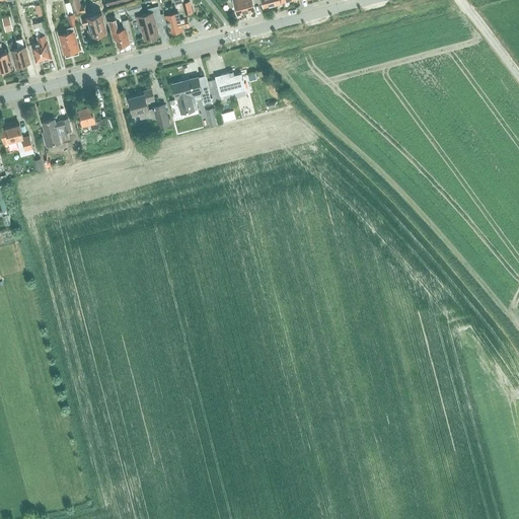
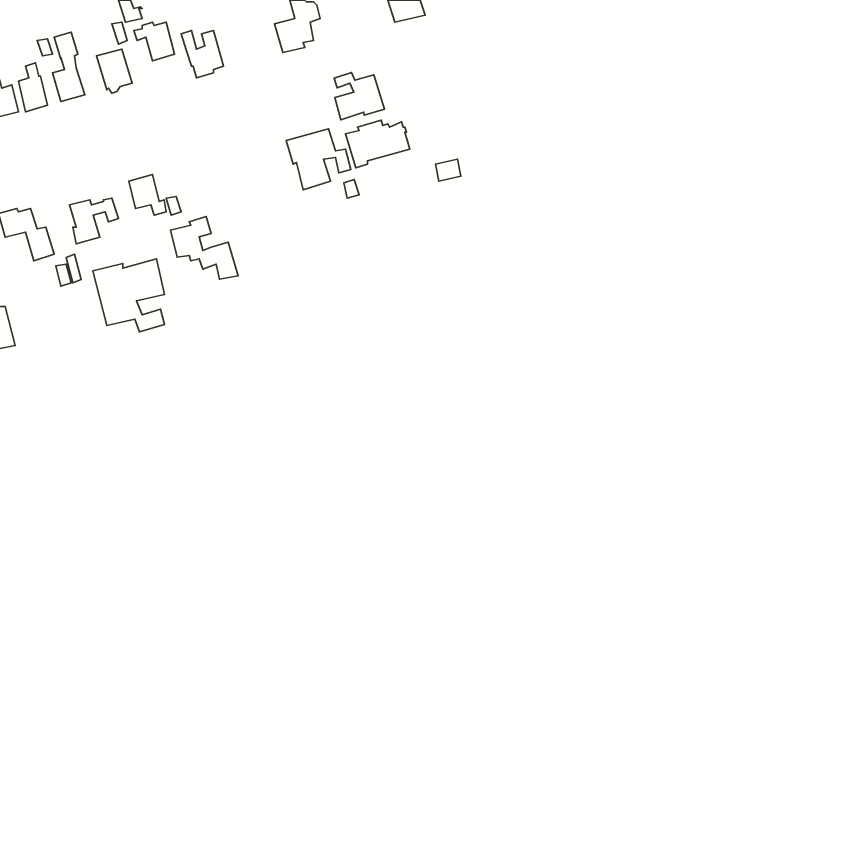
building: [135,5,161,40] -> none
building: none -> [334,72,384,120]
building: [129,90,169,128] -> [171,217,238,279]
building: none -> [93,259,164,332]

